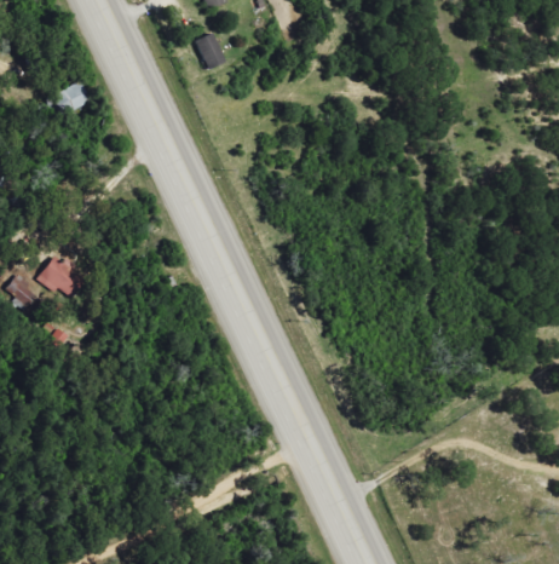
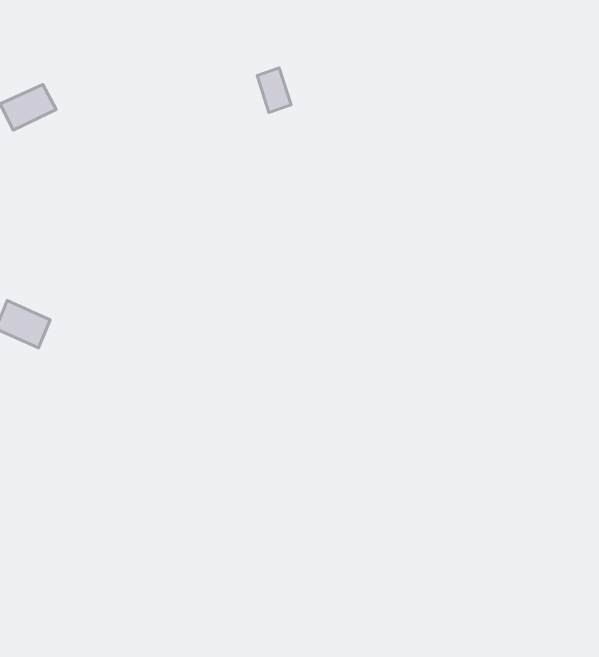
building: [195,31,223,68] -> [257,68,291,112]

